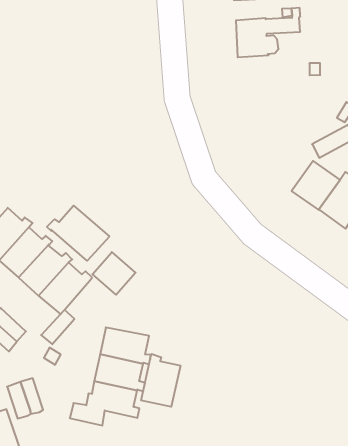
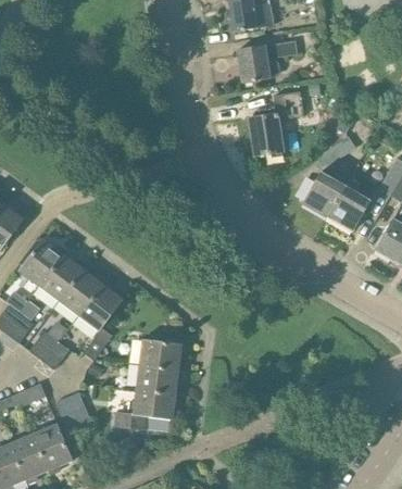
building: none -> [247,91,303,155]
building: [47,206,109,261] -> none
building: [92,252,136,295] -> none
building: [141,354,180,407] -> none

